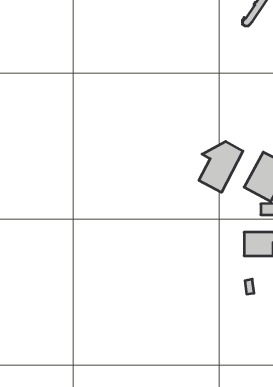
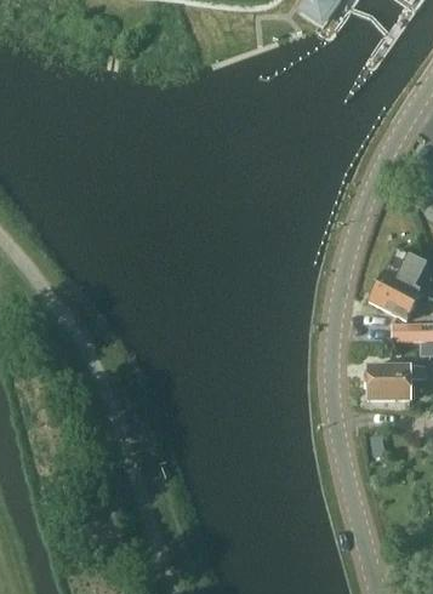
building: [199,141,243,192] -> none

